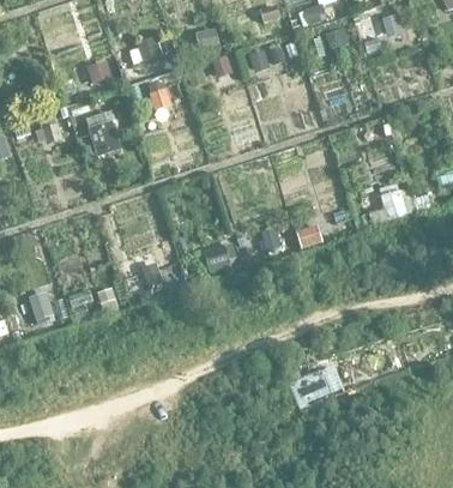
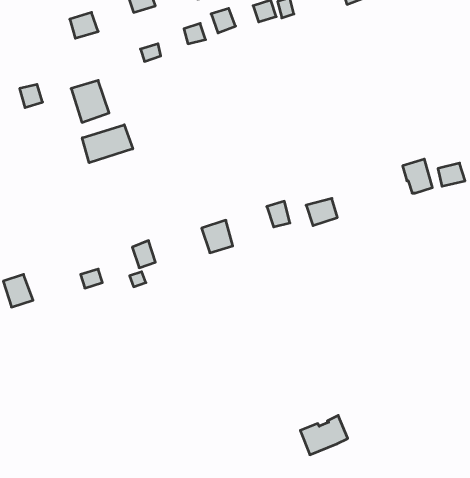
building: none -> [82,125,133,163]
building: [296,367,338,402] -> [300,415,348,455]

